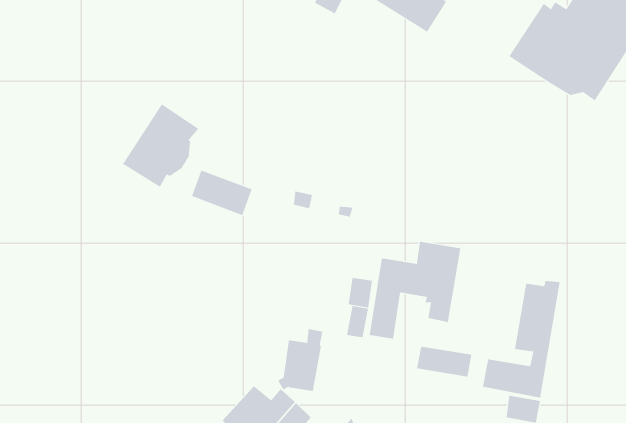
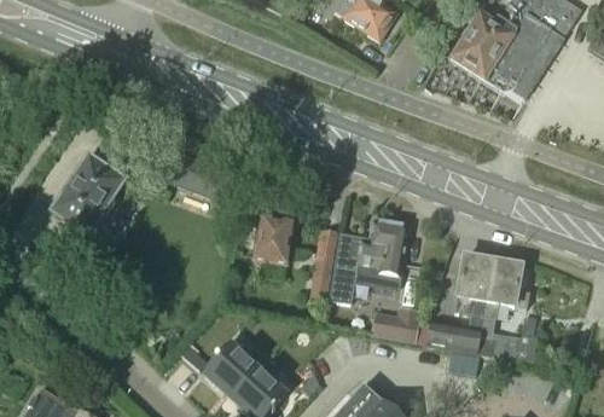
building: [122,104,199,188] -> [54,160,121,232]
building: none -> [477,254,536,361]
building: [277,329,323,392] -> [252,208,292,262]

